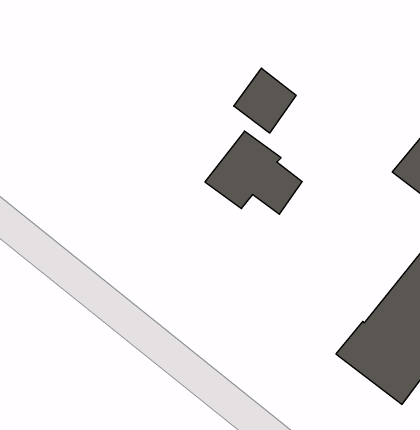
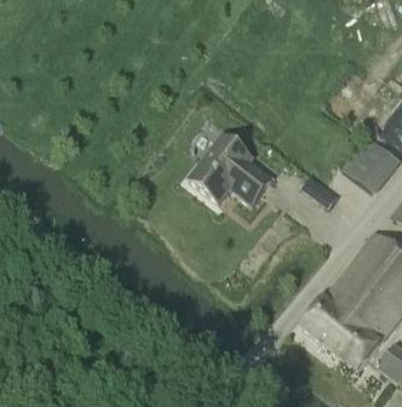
building: [234,68,296,133] -> none

